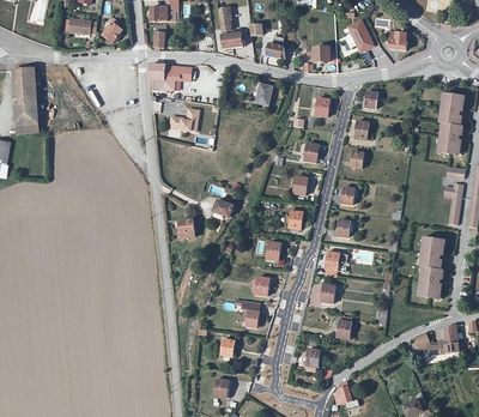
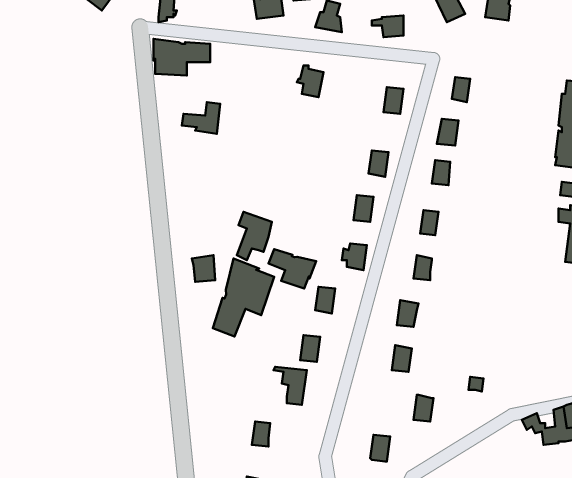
building: none -> [268,249,316,289]
building: none -> [213,259,274,337]
building: [416,237,444,301] -> none

